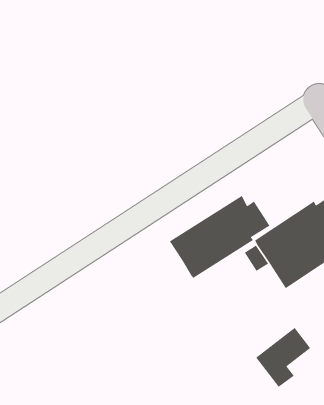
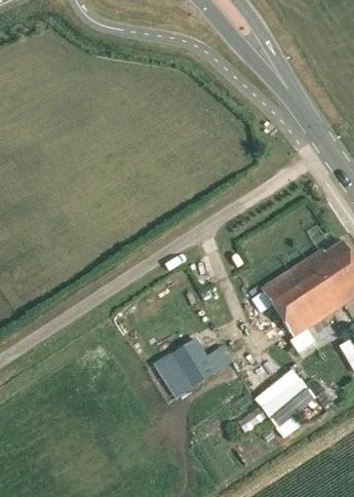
building: [169,195,270,279] -> none
building: none -> [164,340,214,398]

